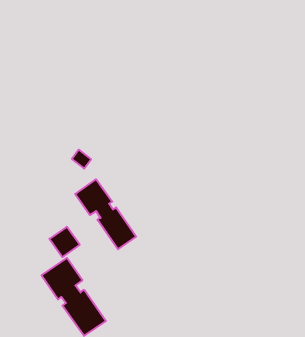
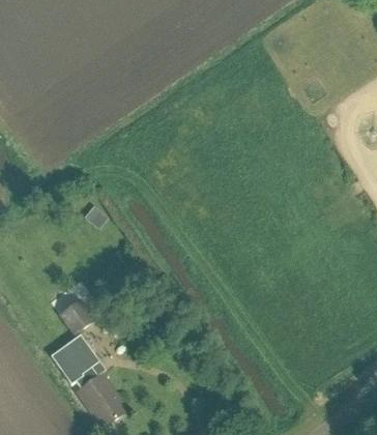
building: [75,179,136,249] -> none

